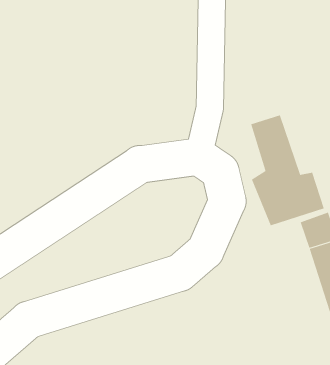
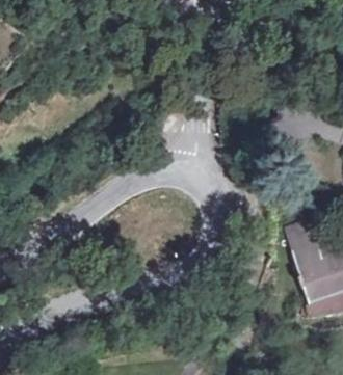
building: [251,114,324,226] -> none

